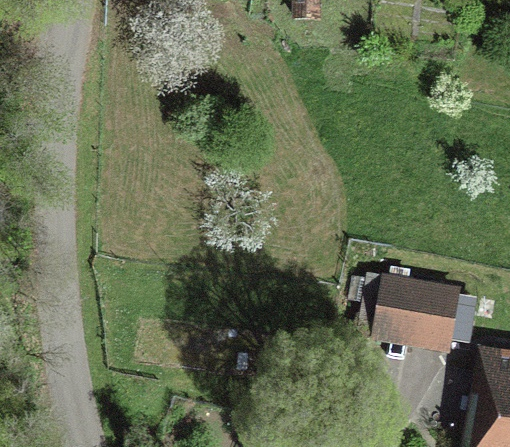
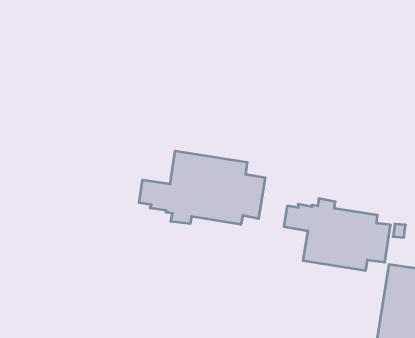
building: none -> [139,151,265,225]

